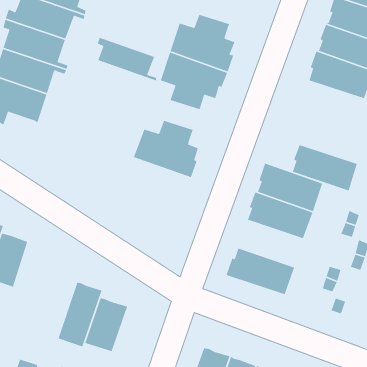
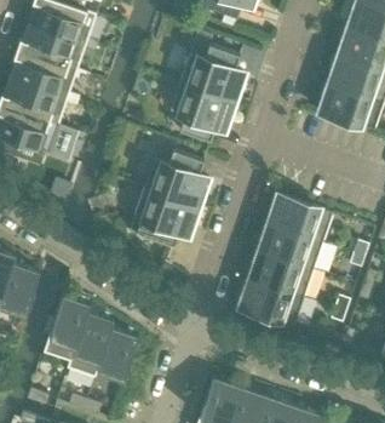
building: [97,37,157,82] -> none
building: [292,144,358,192] -> [247,250,312,297]
building: none -> [128,188,201,246]
building: none -> [42,295,90,368]

